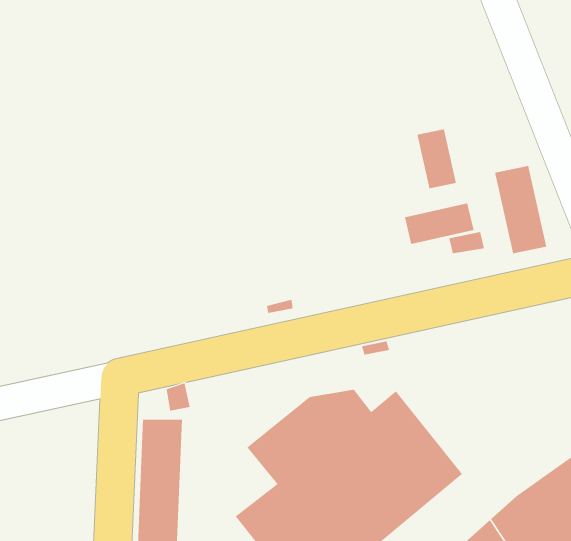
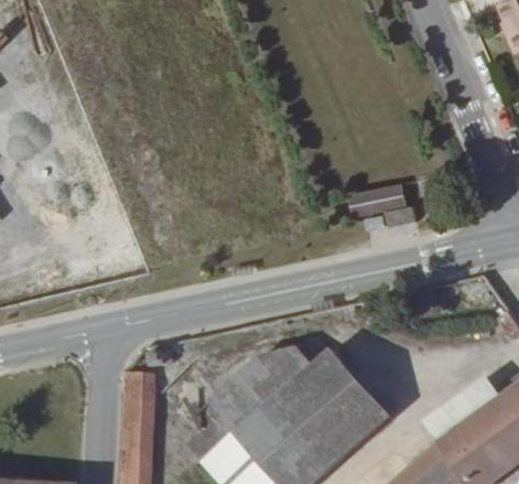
building: [417,128,456,189] -> none
building: [495,165,547,254] -> none

